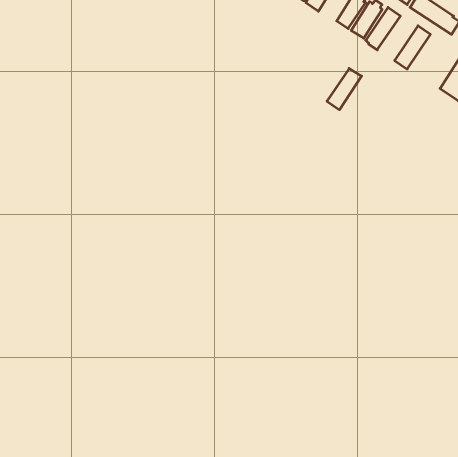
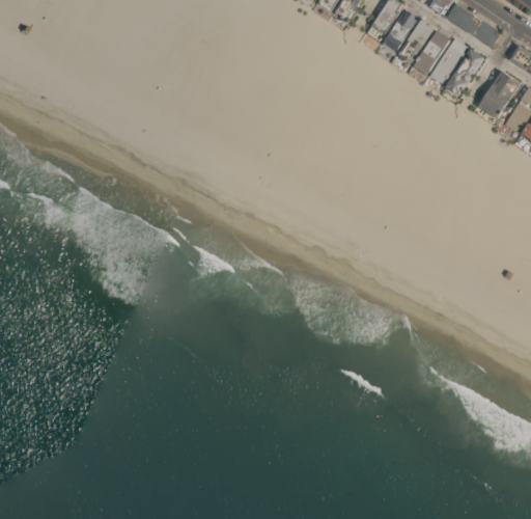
building: none -> [445,49,484,95]
building: [327,68,362,110] -> [413,30,450,75]

